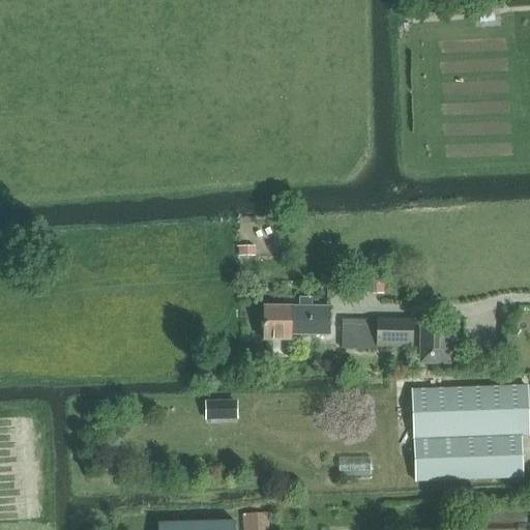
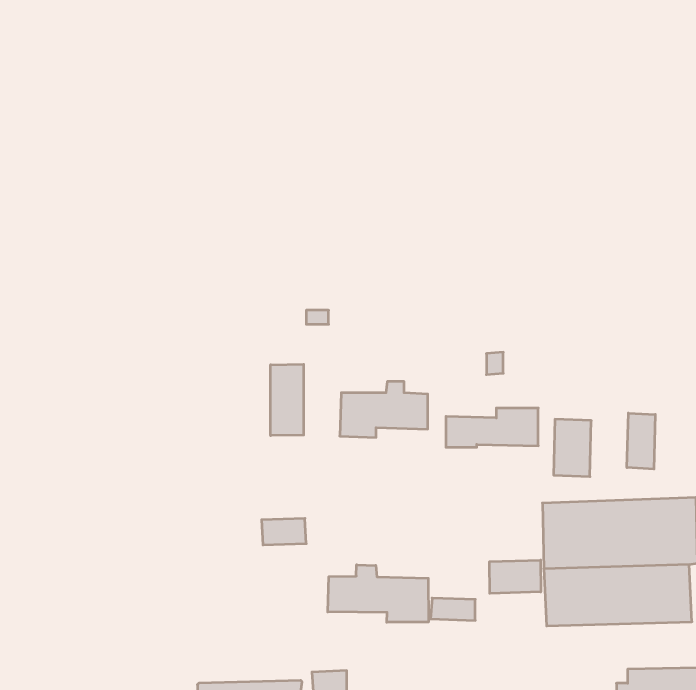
building: none -> [271,364,304,436]
building: none -> [627,413,655,469]
building: none -> [490,560,541,593]
building: none -> [328,565,428,622]

